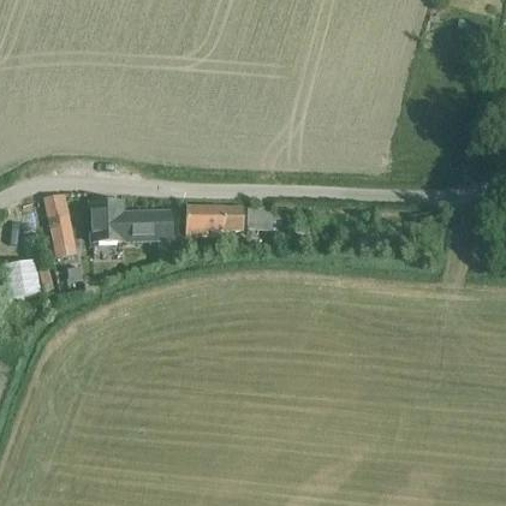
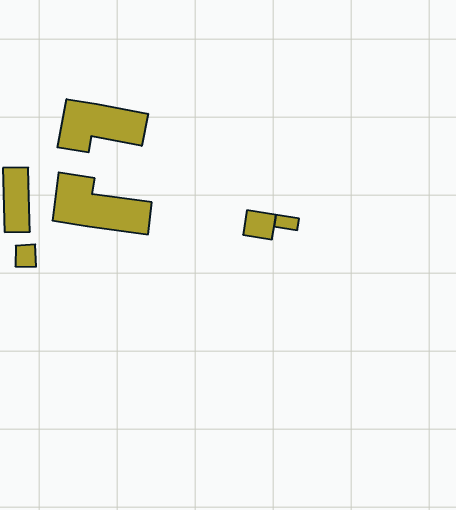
building: none -> [57,99,148,152]
building: [189,207,244,233] -> none

